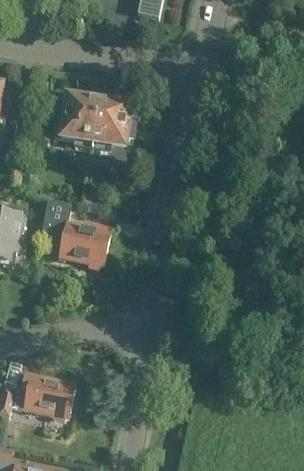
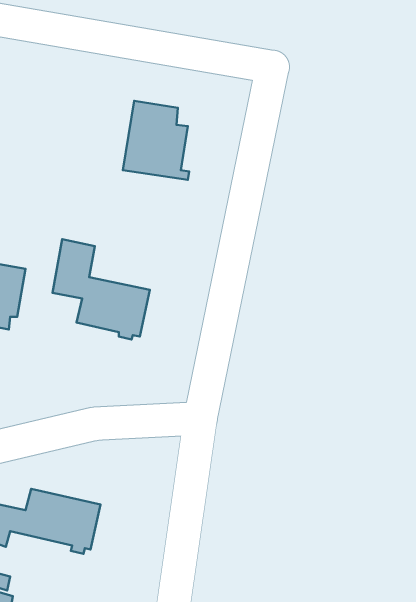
building: [54,93,99,147] -> none

